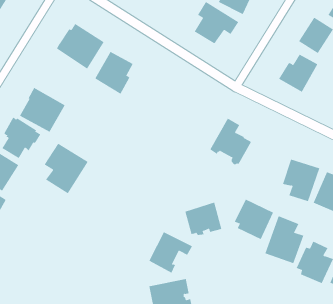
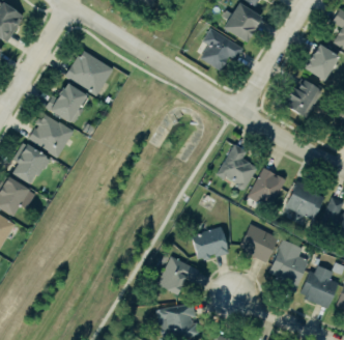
building: [94,51,133,94] -> [49,82,87,124]
building: [44,143,89,194] -> none
building: none -> [249,168,286,207]

